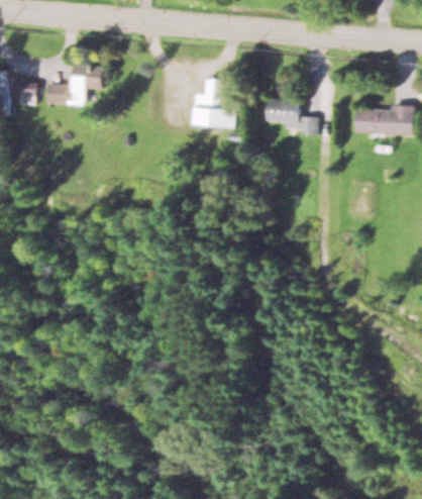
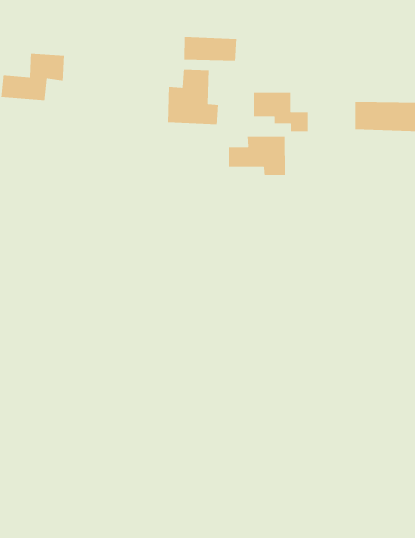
building: none -> [183,36,237,62]
building: none -> [228,136,286,176]

